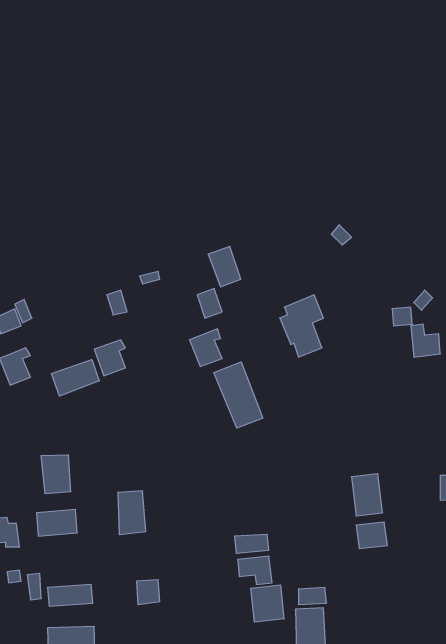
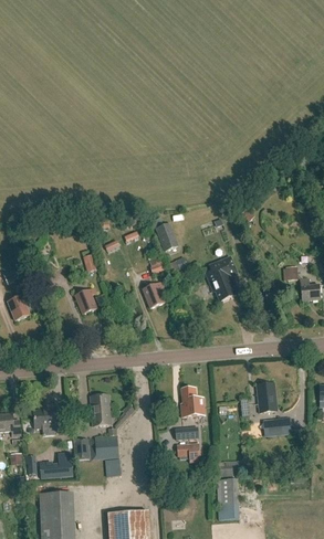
building: [52,360,99,396] -> none
building: [214,362,263,428] -> none
building: [41,455,71,494] -> none
building: none -> [180,392,205,418]
building: none -> [90,437,118,461]
building: [251,585,284,622] -> none

